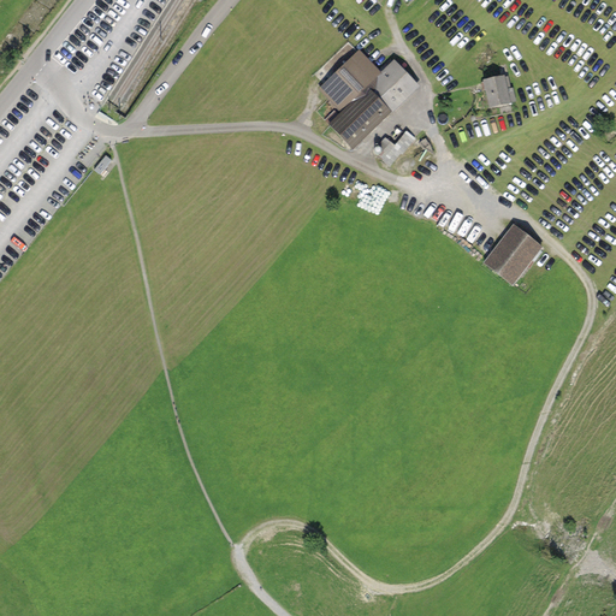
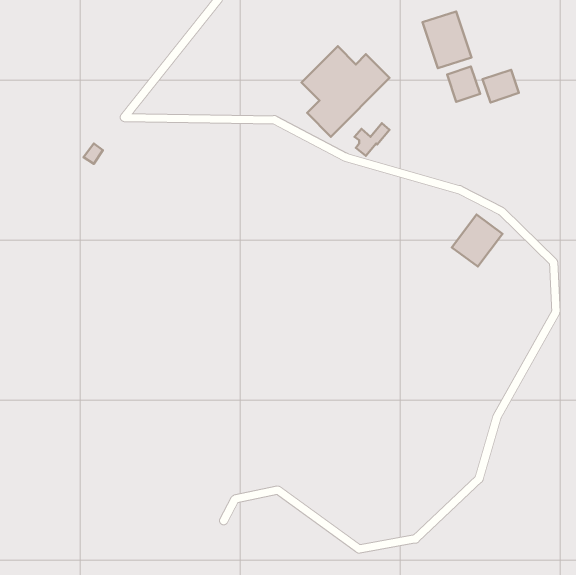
building: none -> [423,11,472,68]
building: none -> [483,70,519,102]

